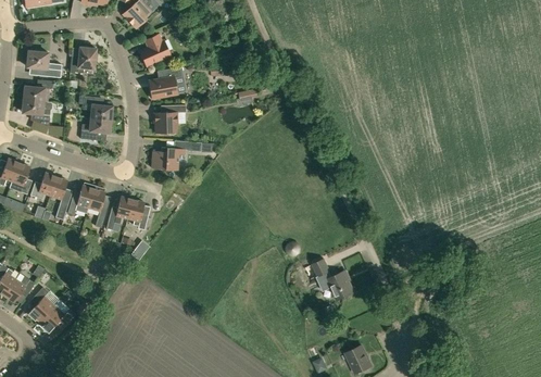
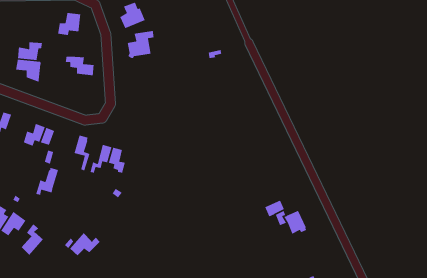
building: [27,51,62,78] -> none
building: [153,105,186,135] -> none
building: [80,117,111,141] -> none
building: [151,140,201,171] -> none
building: [10,163,33,194] -> none
building: [67,183,95,215] -> [35,167,59,195]
building: [38,305,74,332] -> [69,232,101,256]

